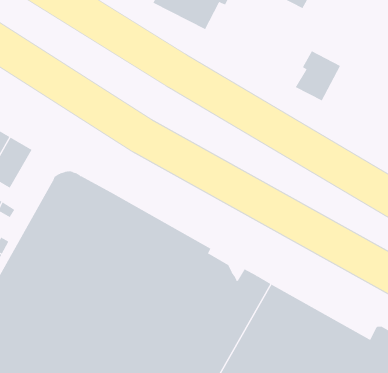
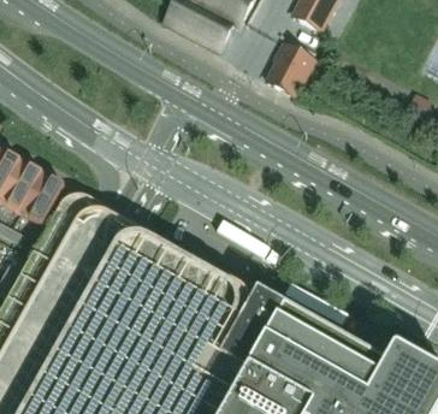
building: [295,51,341,101] -> [267,42,314,94]
building: none -> [19,172,64,224]

